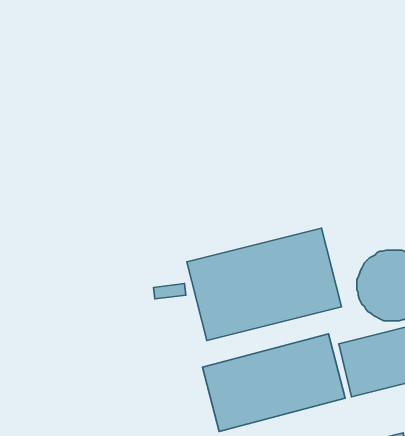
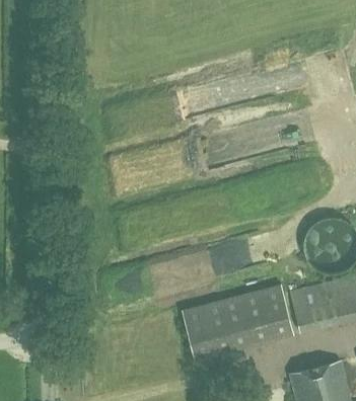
building: [187,228,341,340] -> none

